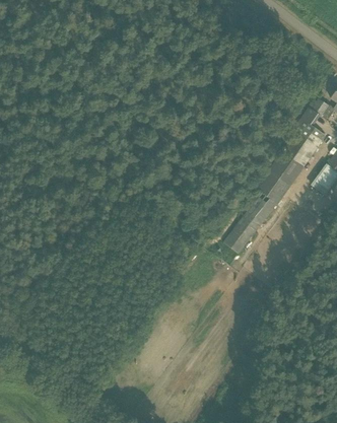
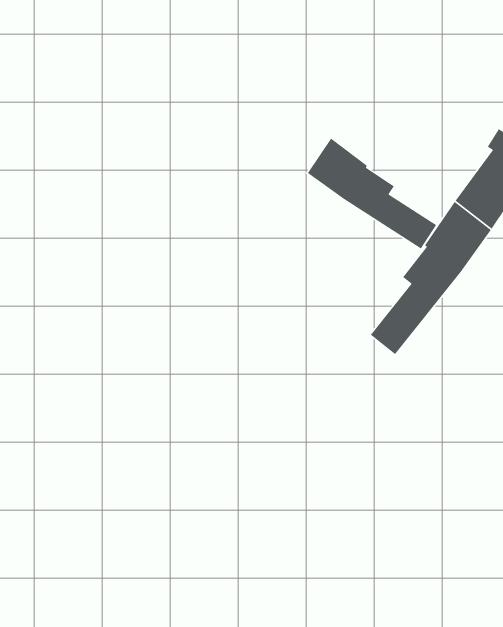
building: none -> [307,138,437,250]

